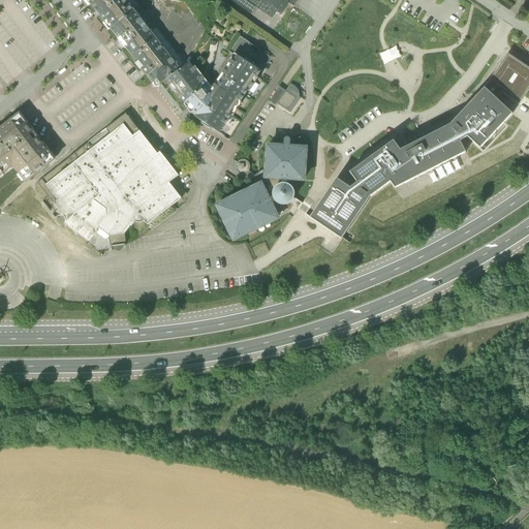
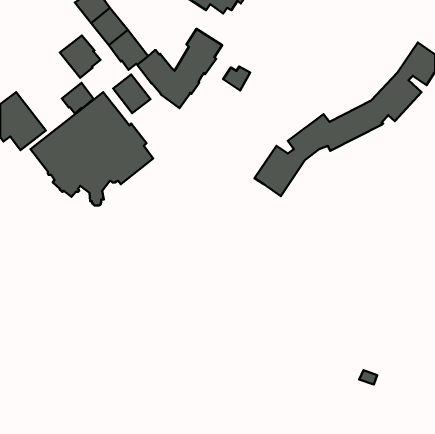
building: none -> [60,36,101,78]
building: none -> [113,74,150,113]
building: none -> [62,83,94,114]
building: [216,135,307,240] -> none

